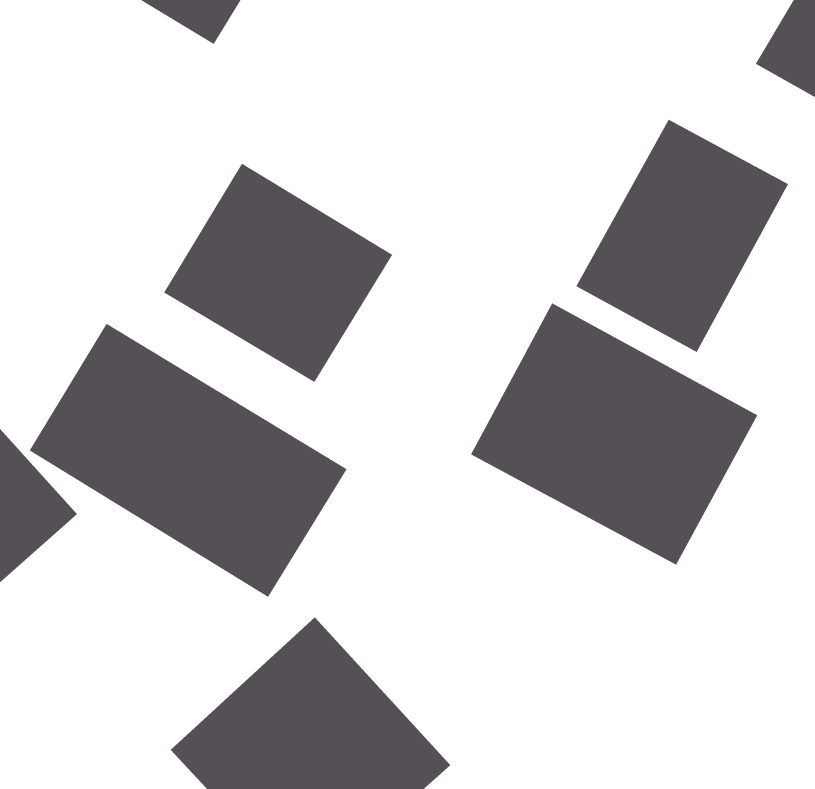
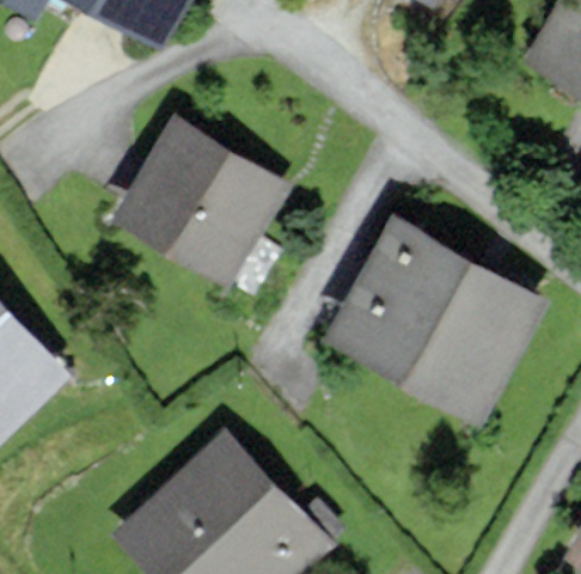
building: [576,119,789,353] -> none
building: [29,323,347,598] -> none

